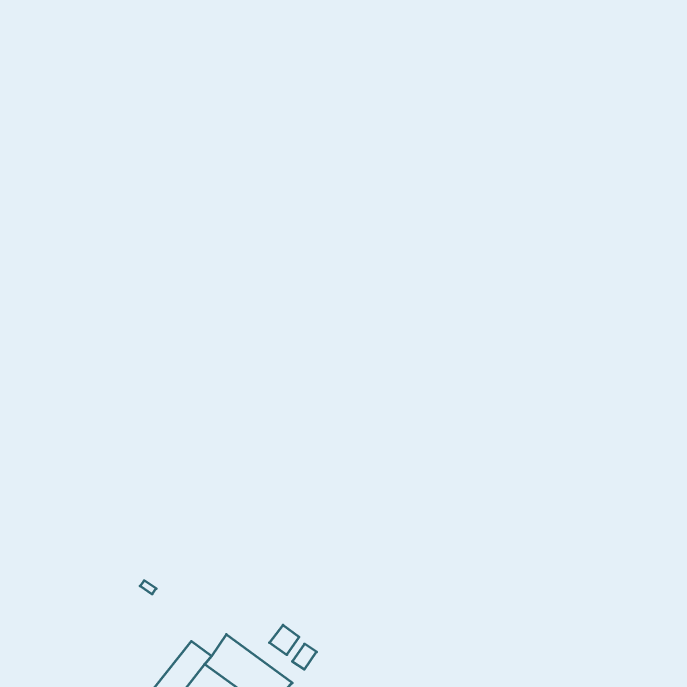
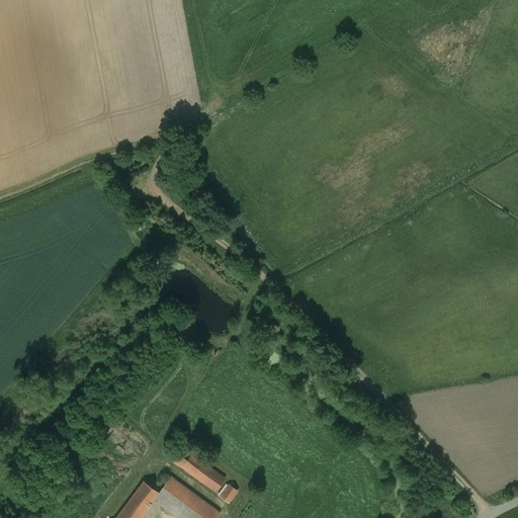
building: none -> [175,449,213,484]

